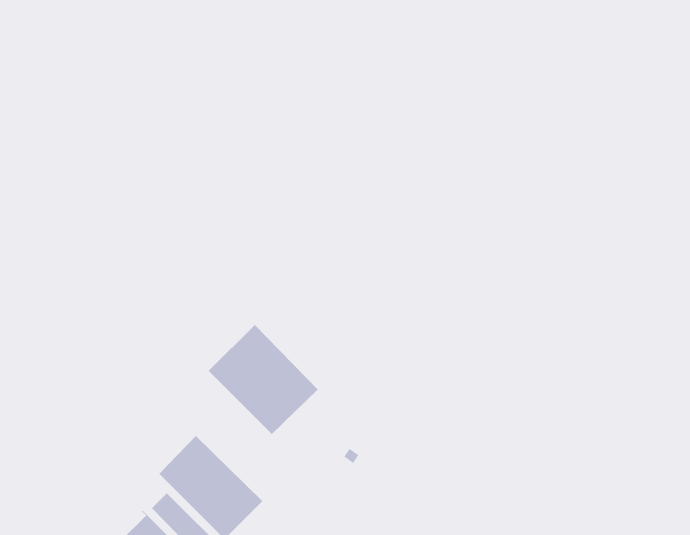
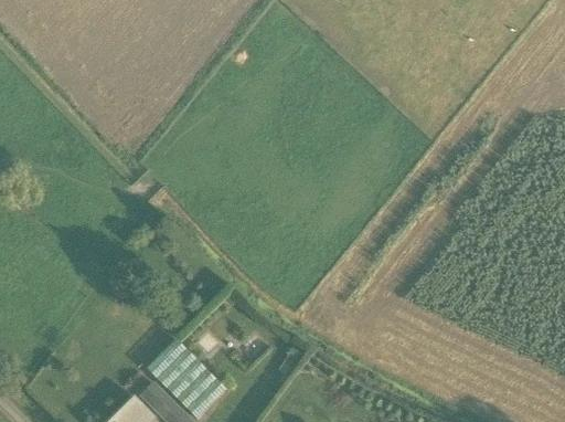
building: [208,324,318,435] -> none

